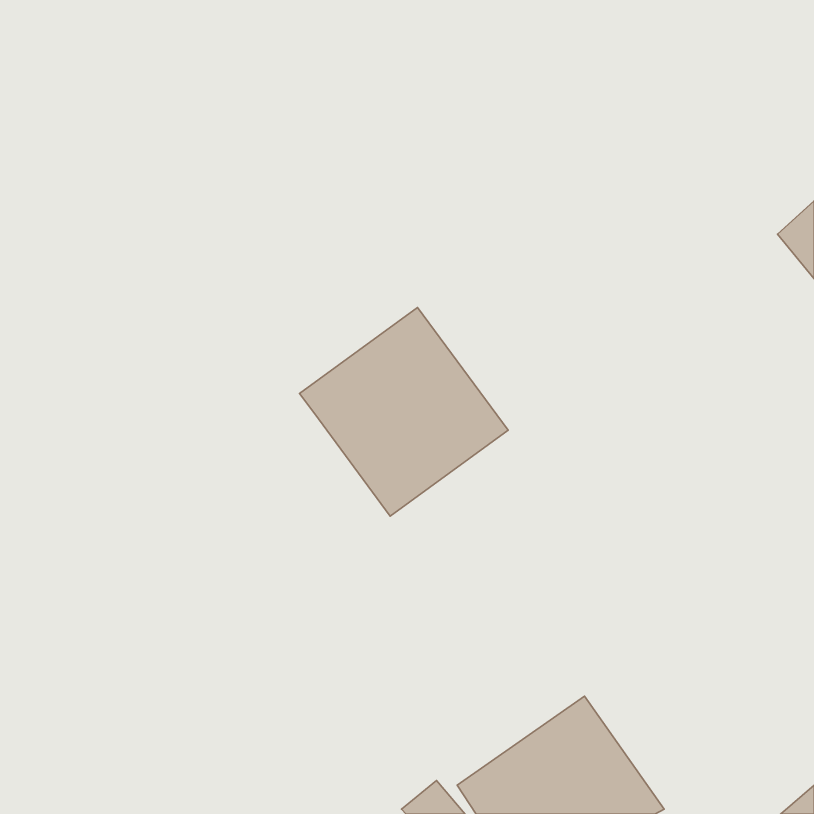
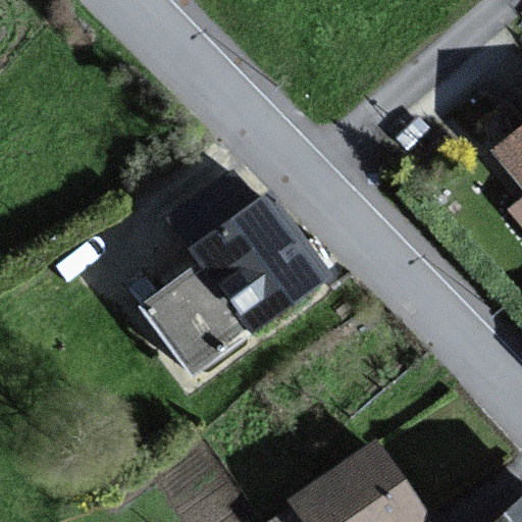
building: none -> [142,264,250,373]

